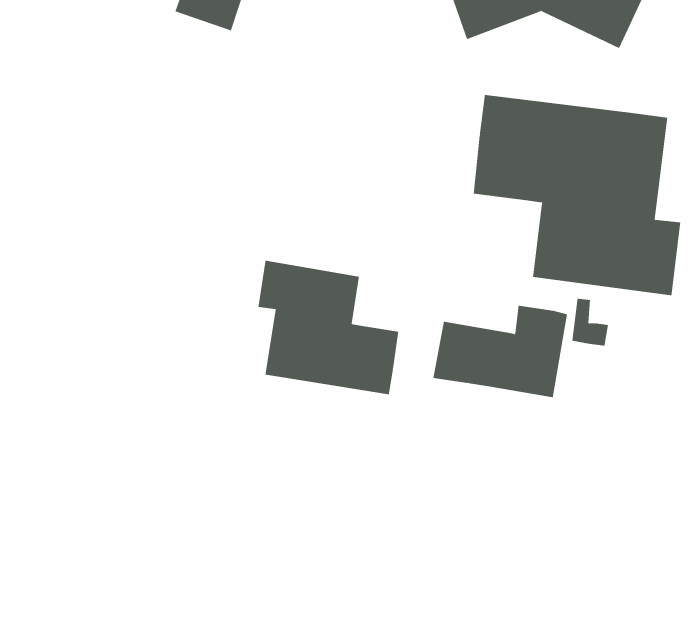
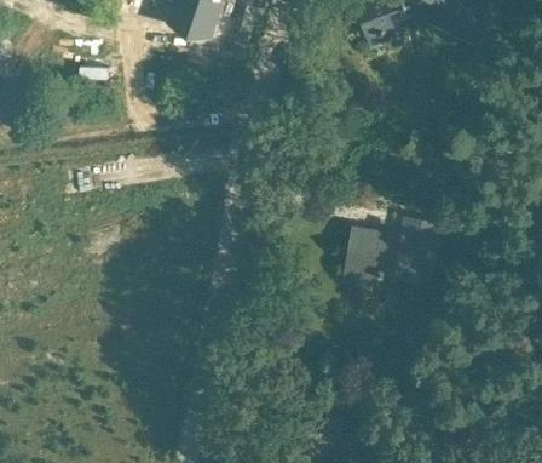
building: [473,94,681,296] -> none
building: [258,260,399,395] -> none

